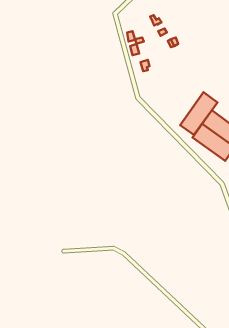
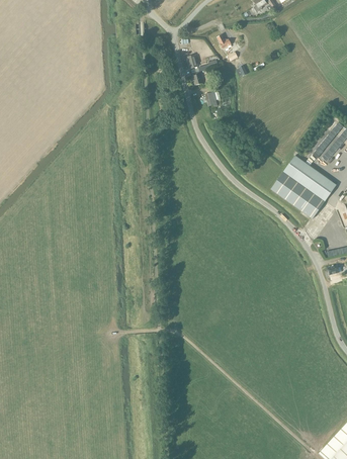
building: [180,92,218,135] -> none

